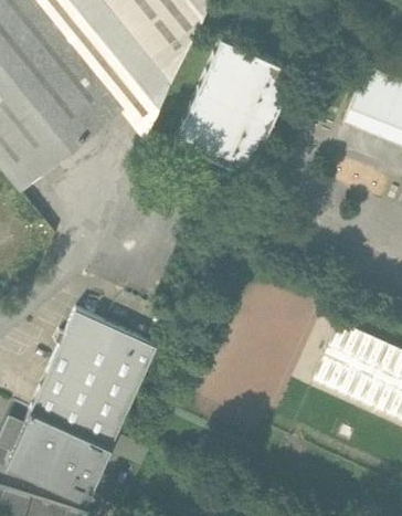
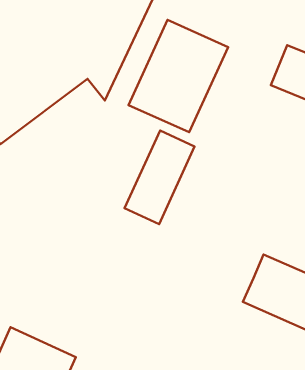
building: none -> [125,130,195,224]
building: [30,310,156,447] -> none

